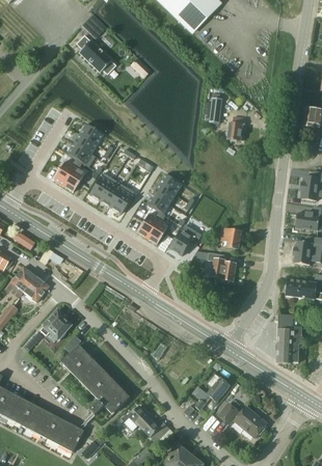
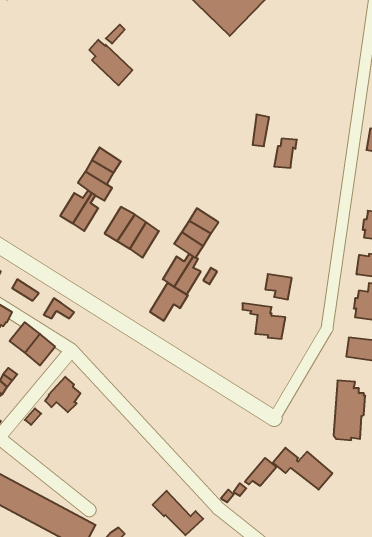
building: [170,224,202,255] -> [150,283,188,321]
building: [63,345,130,412] -> none
building: [218,403,267,437] -> [273,448,332,490]

